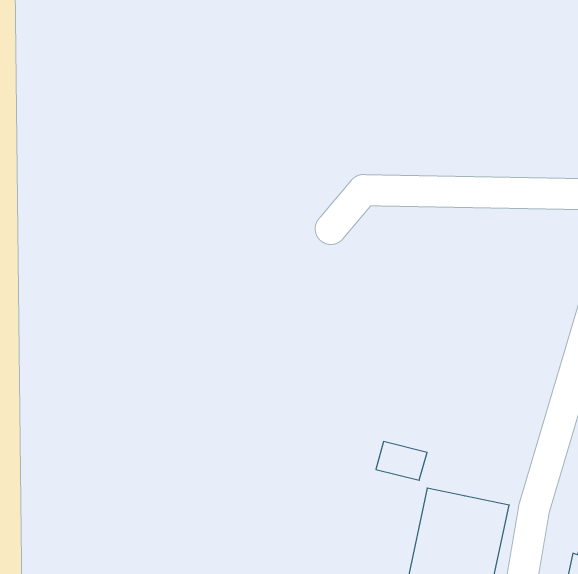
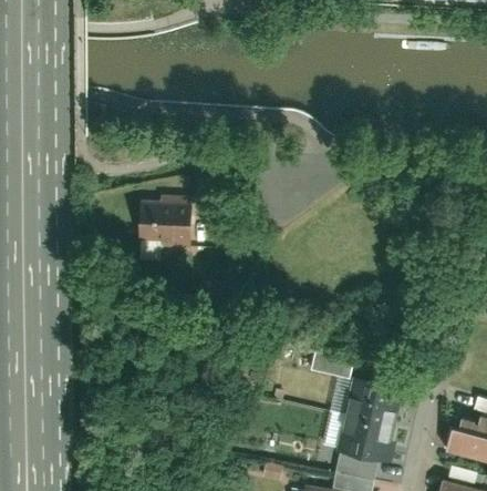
building: none -> [137,198,193,247]

